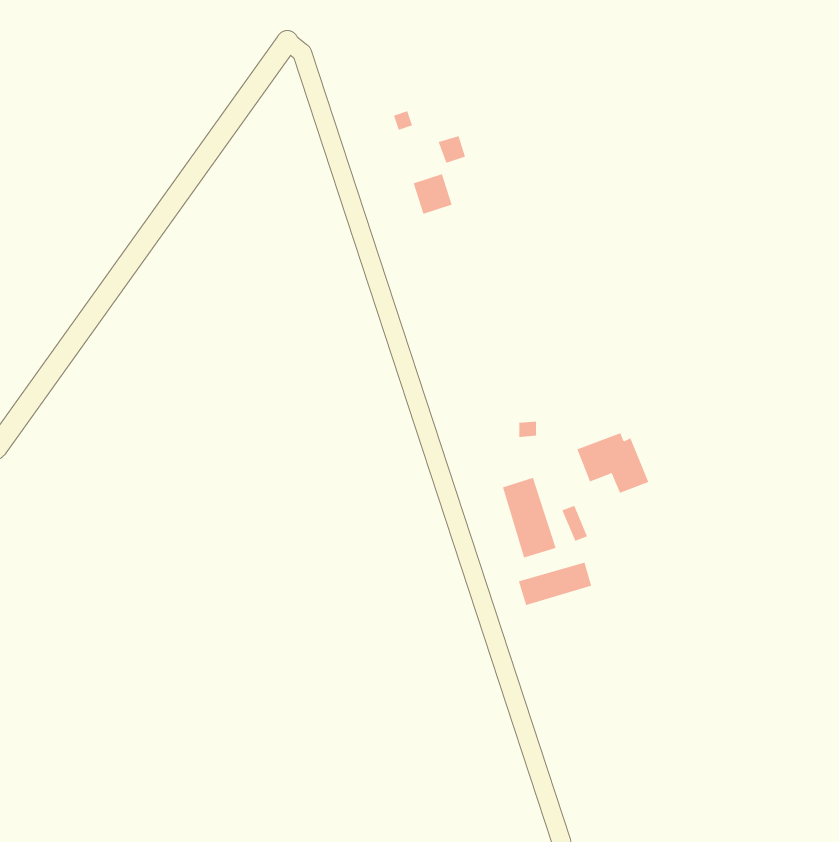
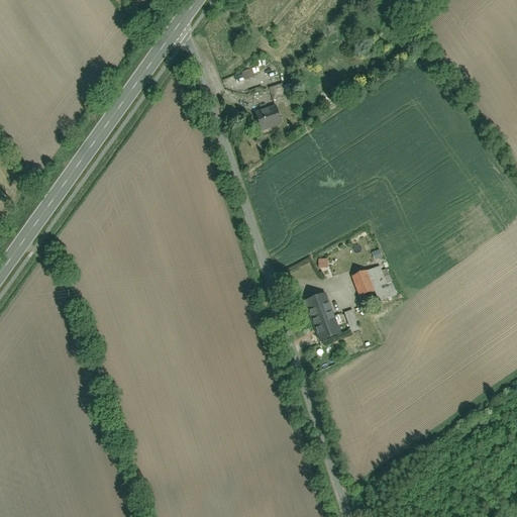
building: [518,562,592,606] -> none

